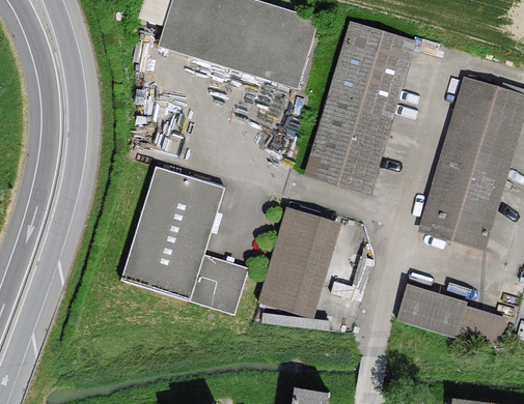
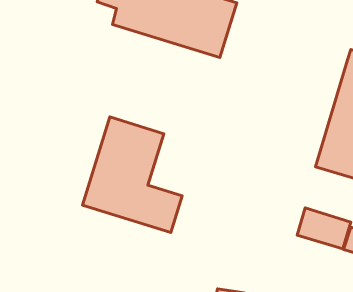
building: [307,25,411,192] -> none
building: [259,209,340,318] -> none

